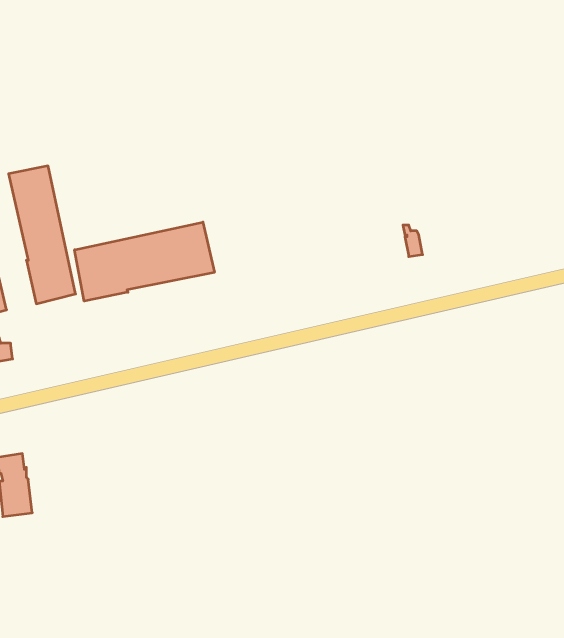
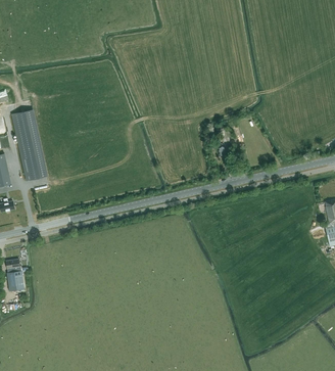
building: [75,222,214,301] -> none

